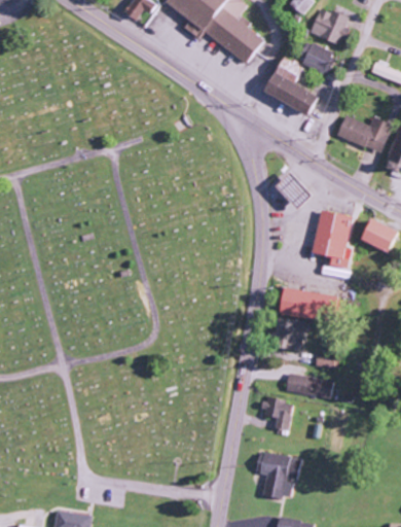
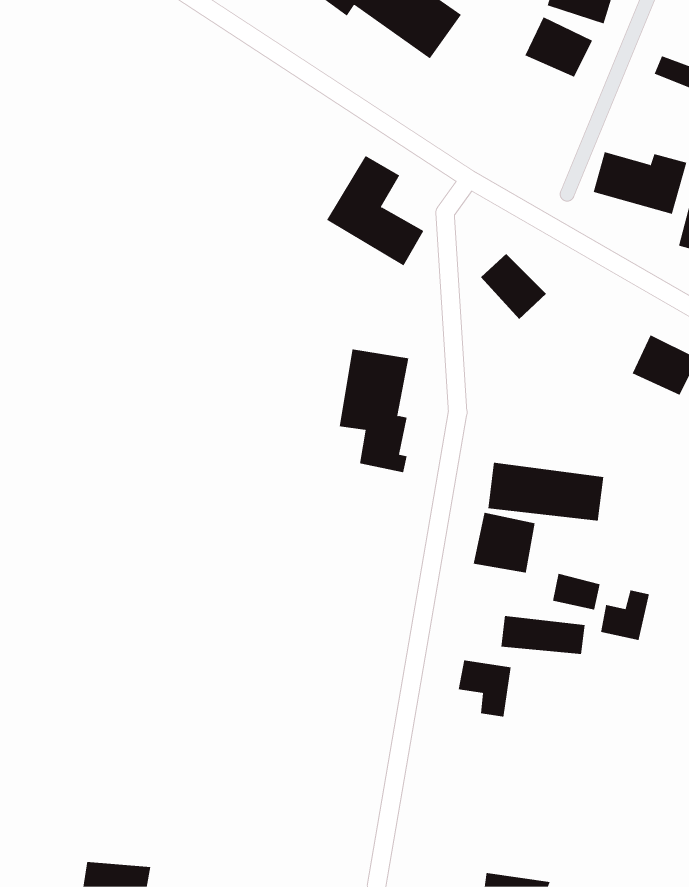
building: [263,56,318,117] -> [326,155,424,266]
building: [313,210,352,279] -> [339,349,409,473]
building: none -> [600,590,649,641]
building: [255,451,300,499] -> none

